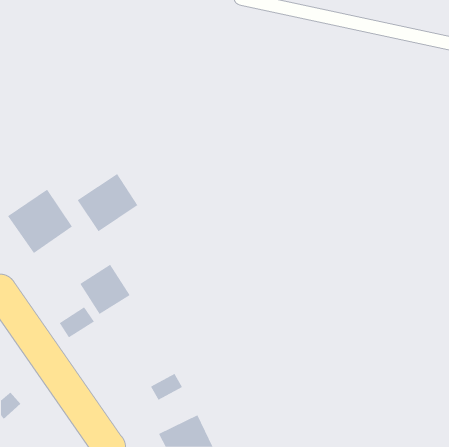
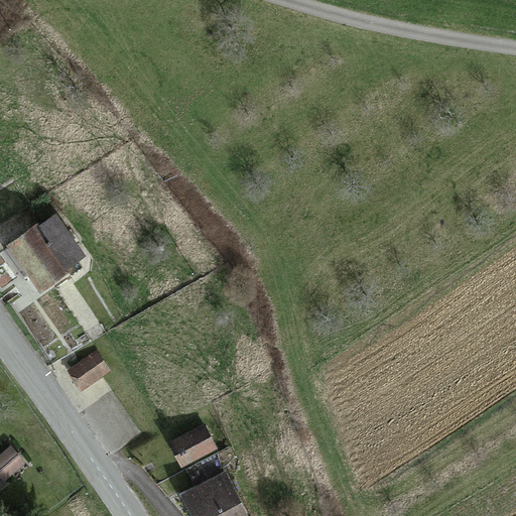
building: [77,173,138,232] -> none
building: [80,264,131,315] -> none

